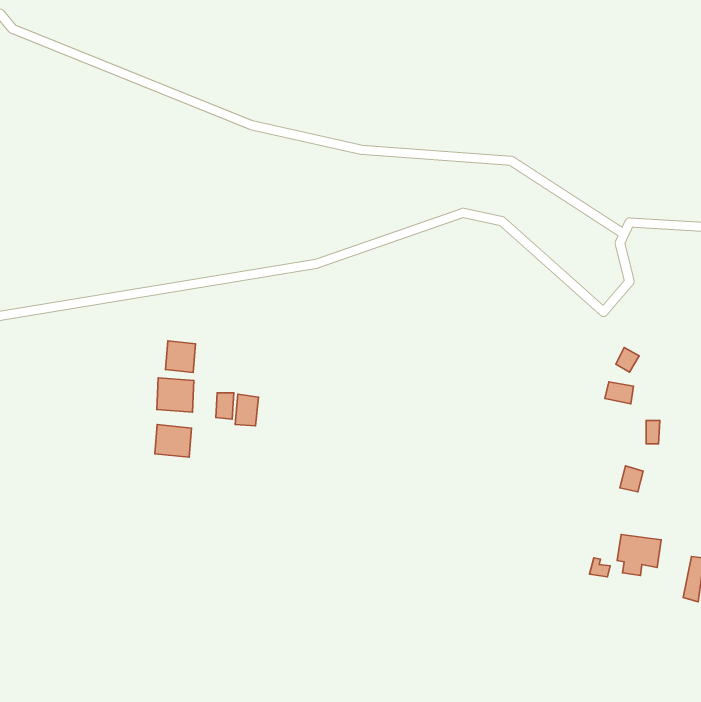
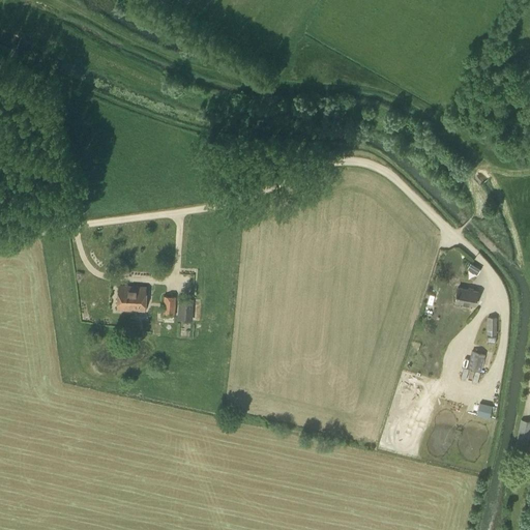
building: [166,341,196,372] -> none
building: [155,425,192,457] -> none

